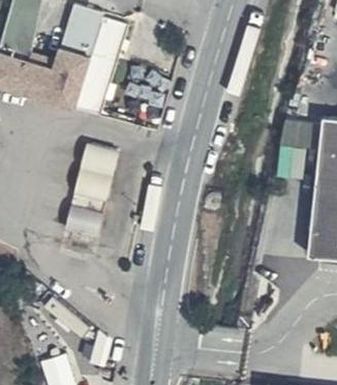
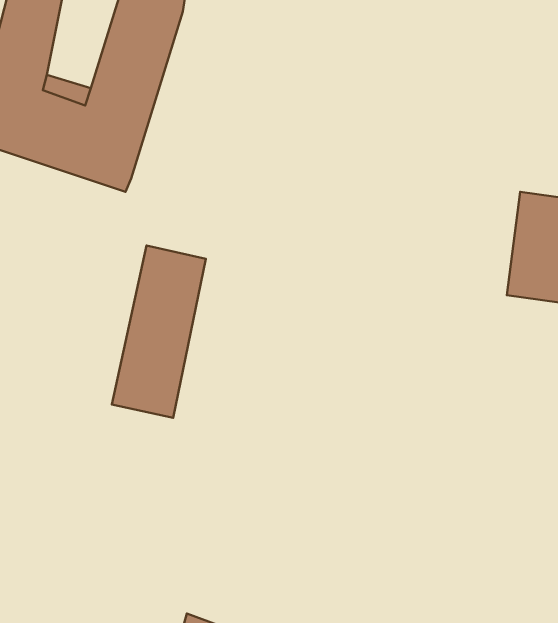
building: [73,18,124,115] -> none

